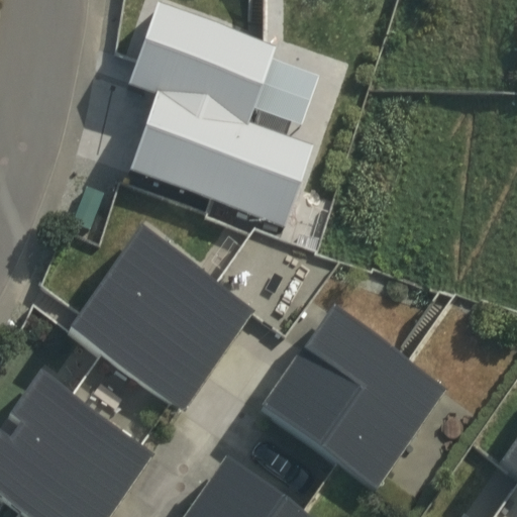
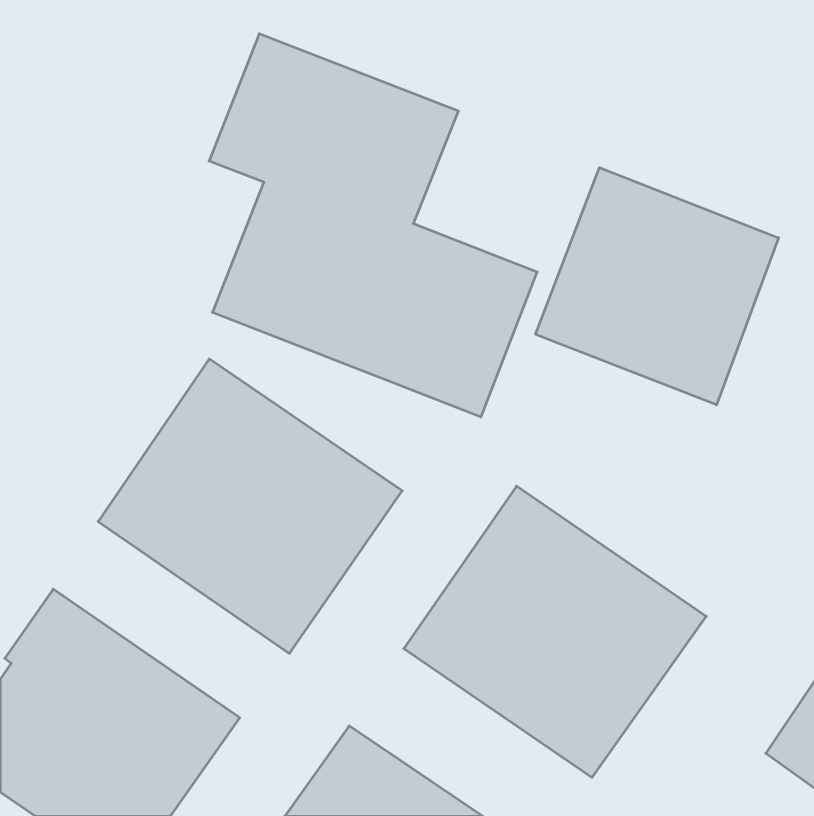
building: none -> [536,168,779,405]

